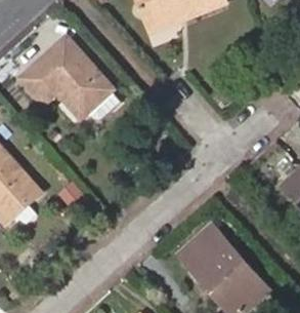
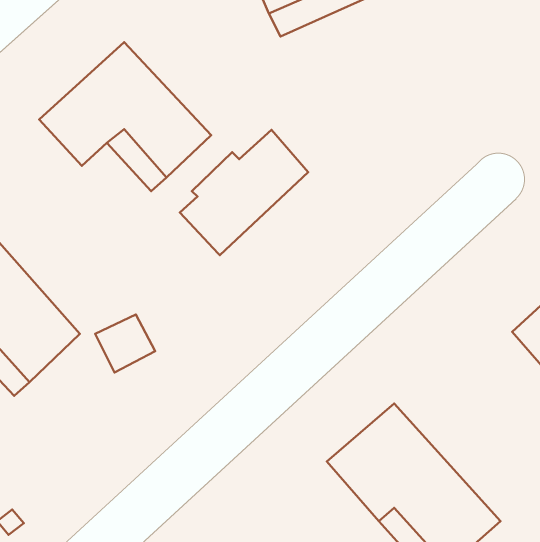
building: none -> [180,130,308,255]

